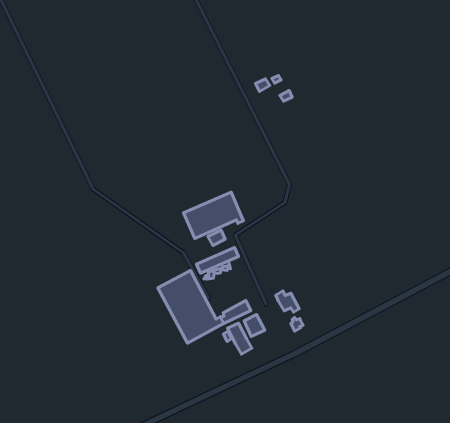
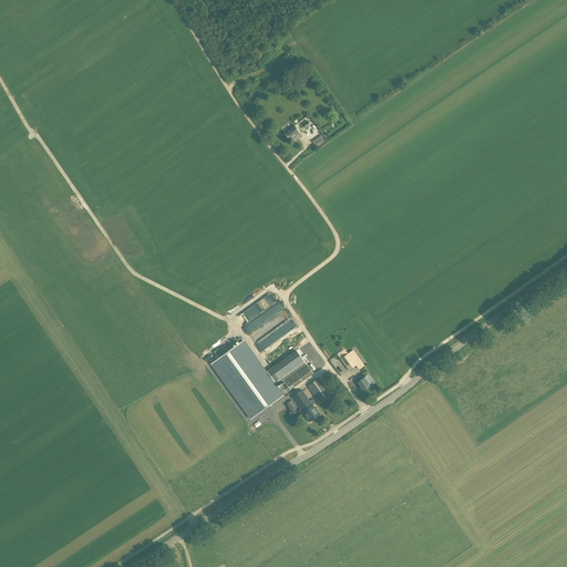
building: [184,192,243,238] -> none
building: none -> [269,350,306,385]

